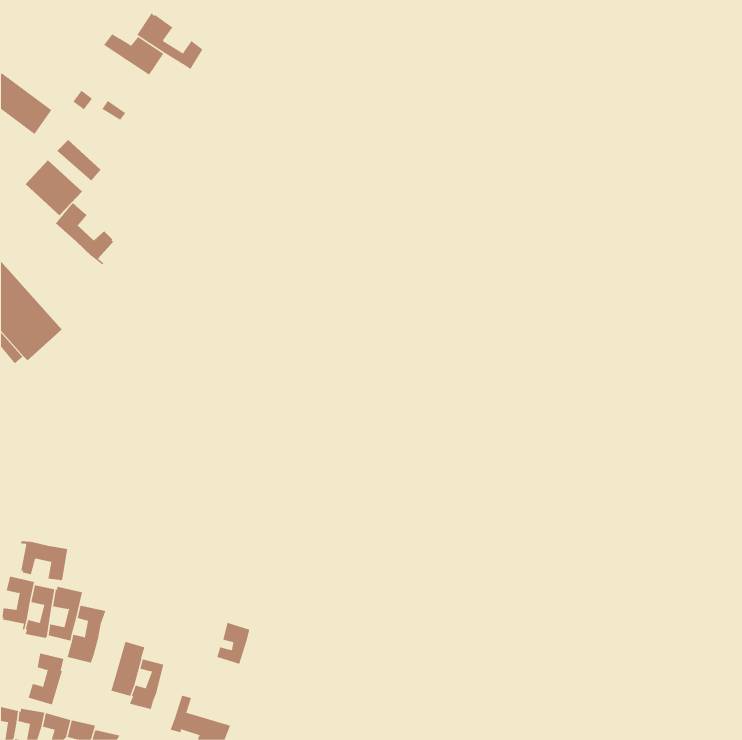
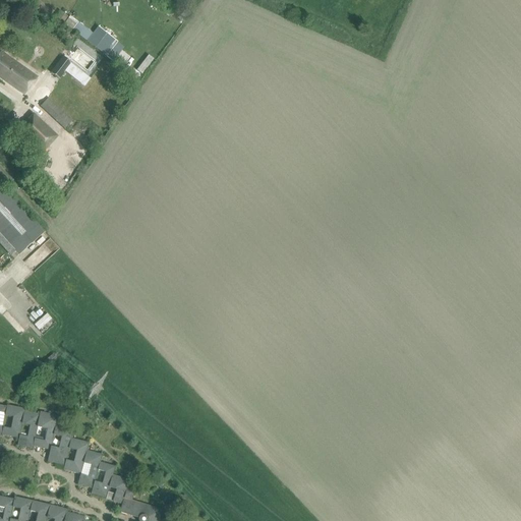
building: [137,13,203,70] -> none
building: [55,203,115,265] -> none
building: [20,540,68,581] -> none
building: [217,622,250,664] -> [106,474,129,504]
building: [28,653,64,705] -> [63,438,89,474]

